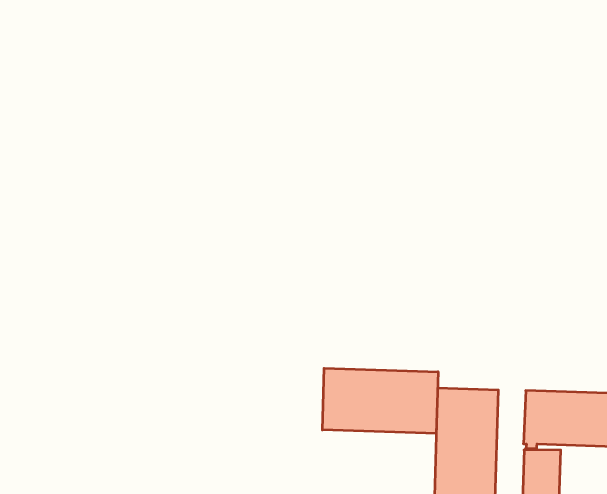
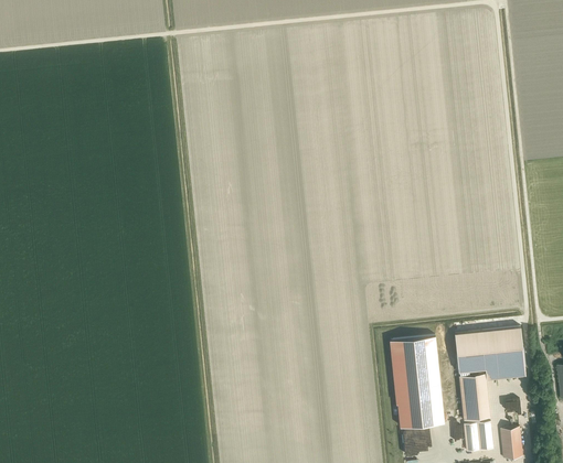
building: [322,368,438,433] -> none

